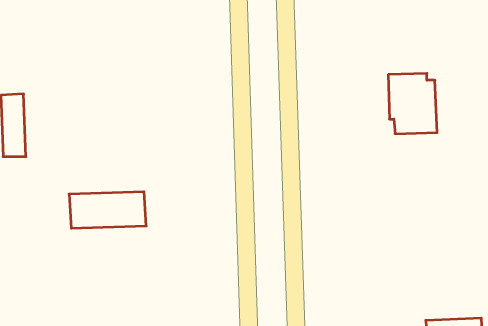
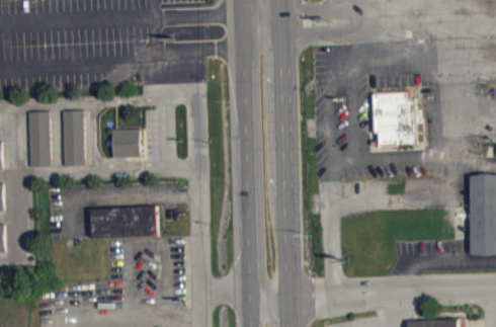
building: none -> [63,117,85,172]
building: none -> [112,136,141,164]

